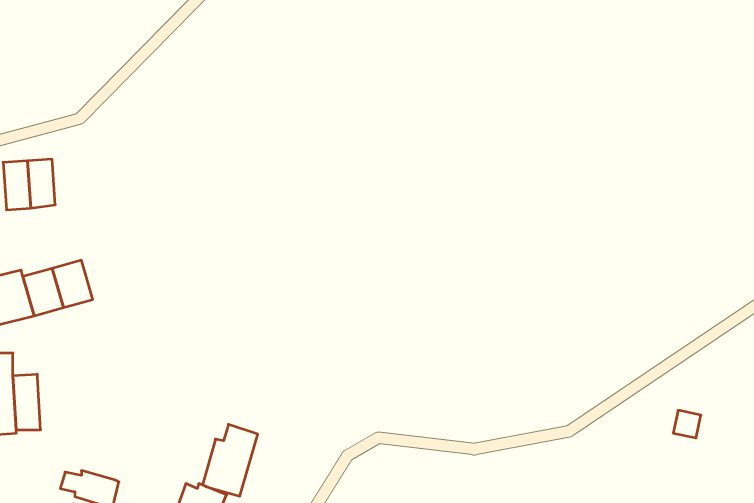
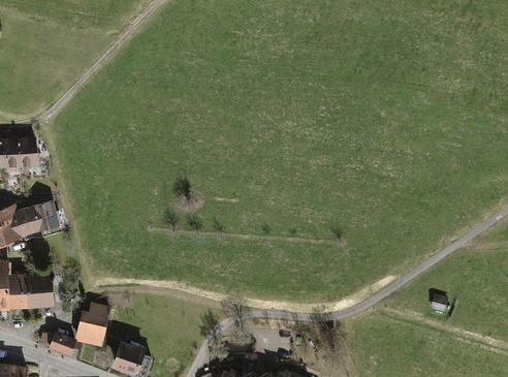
building: none -> [26,273,53,307]
building: [202,424,258,496] -> [75,301,110,346]

